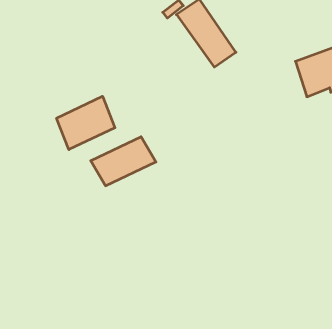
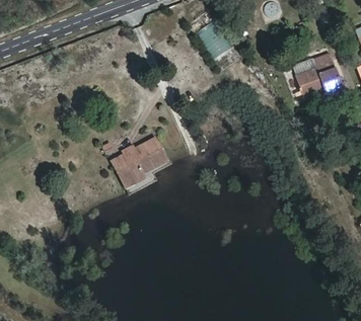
building: [57,96,115,150] -> none

